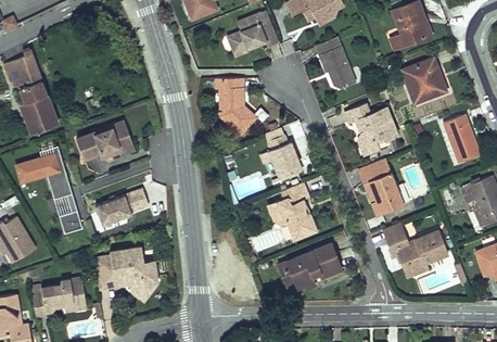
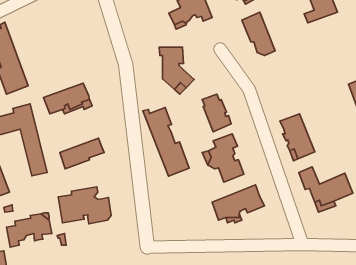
building: [402,58,444,103] -> none
building: [344,103,398,155] -> none
building: none -> [143,108,189,176]

